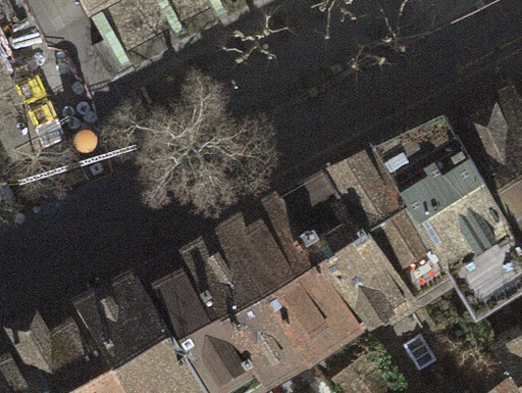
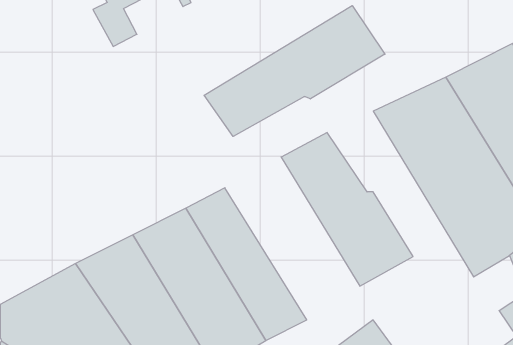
building: none -> [204,6,385,136]
building: [335,147,481,332] -> none
building: [233,193,368,355] -> none

